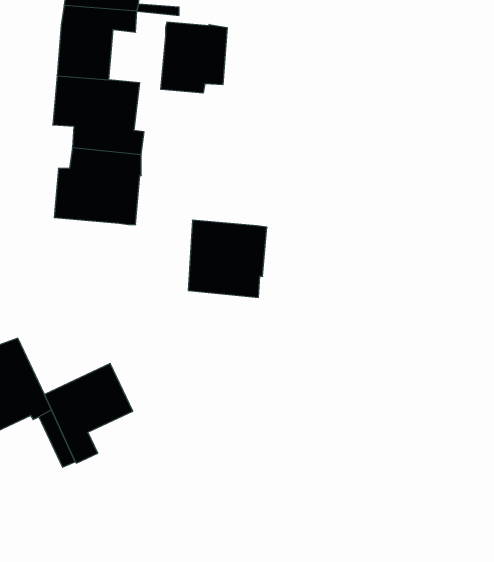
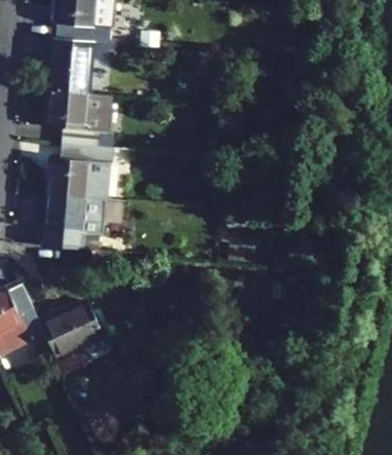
building: [161,22,227,93] -> none
building: [188,220,267,297] -> [45,194,103,251]

